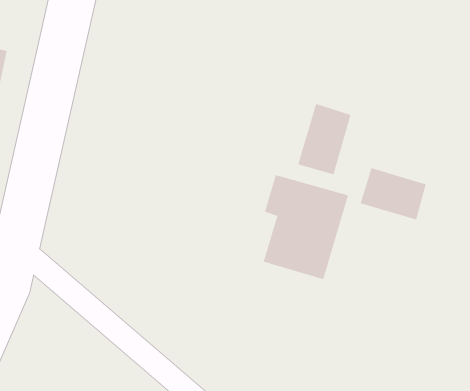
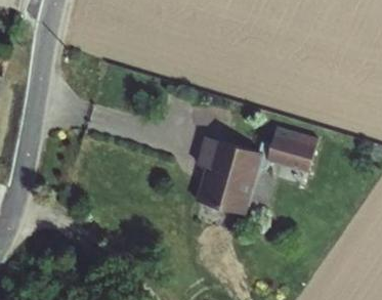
building: [298,103,351,175] -> none

